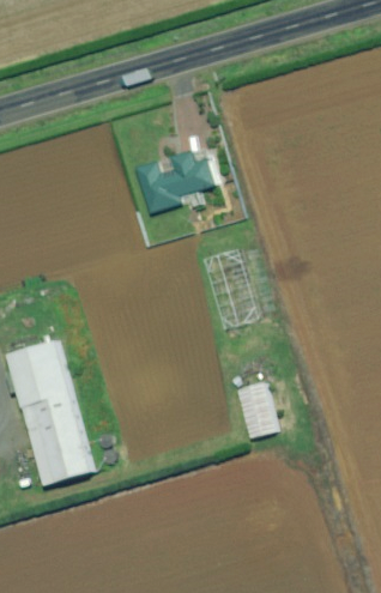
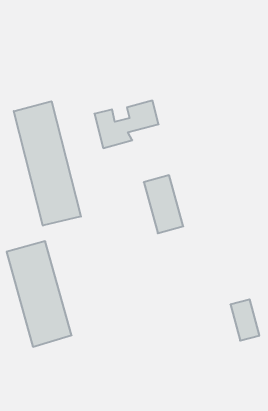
building: none -> [14,101,81,226]
building: [232,382,272,438] -> [230,299,259,341]

